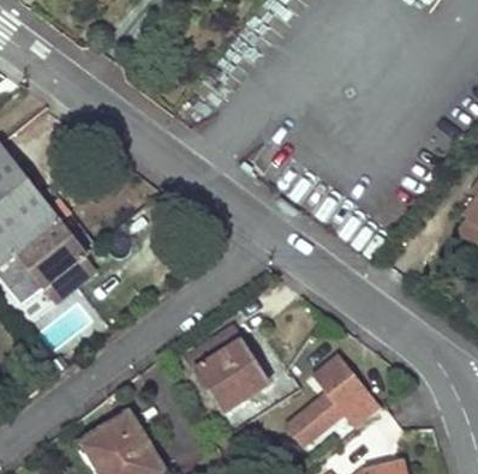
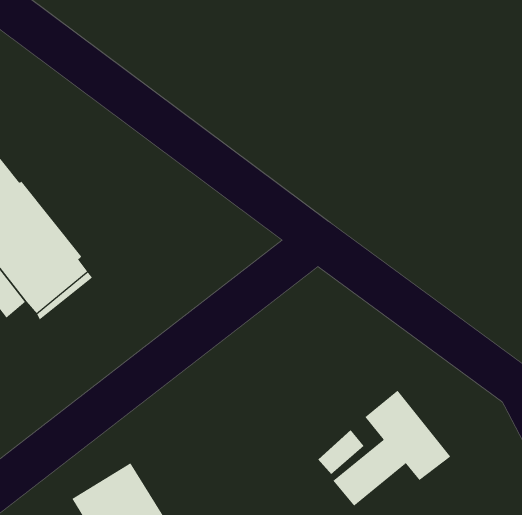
building: [185,324,264,406] -> none

